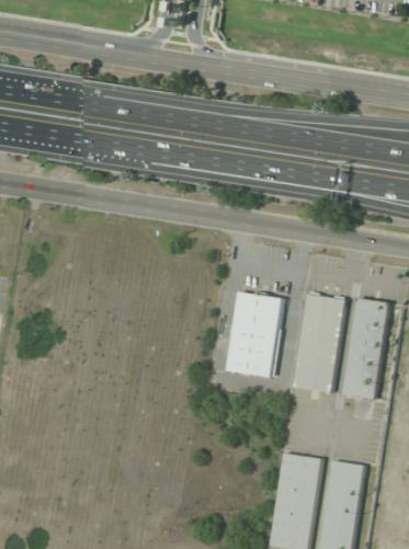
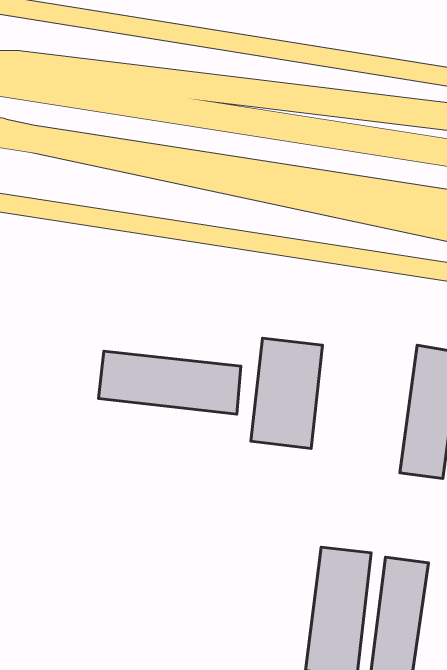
building: [295,294,344,392] -> none
building: none -> [99,351,241,414]

